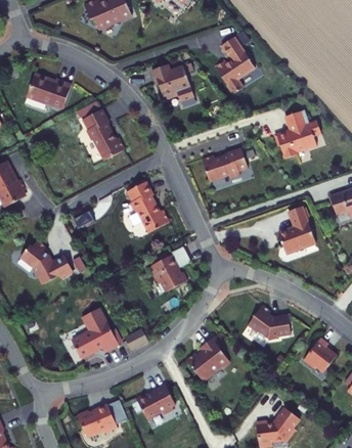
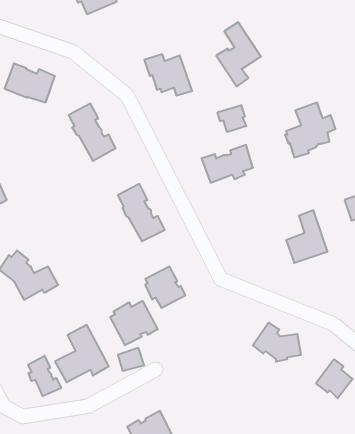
building: none -> [218,105,246,132]
building: none -> [110,301,158,345]
building: none -> [28,356,61,396]
building: [187,338,230,382] -> none

